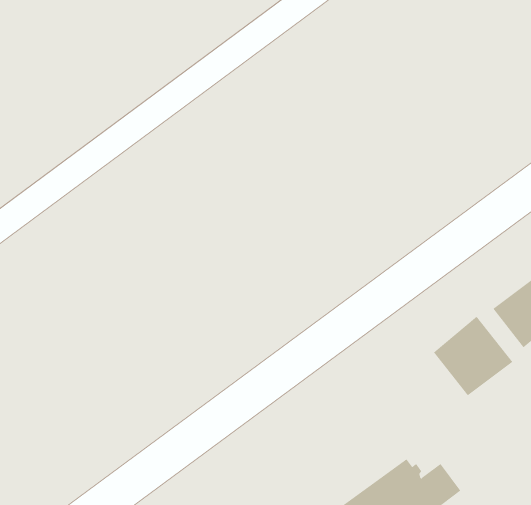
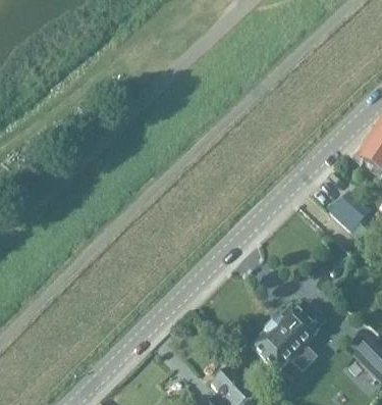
building: [433,316,513,396] -> none

